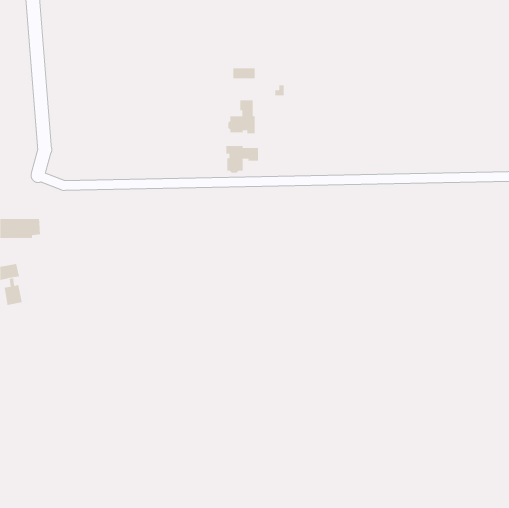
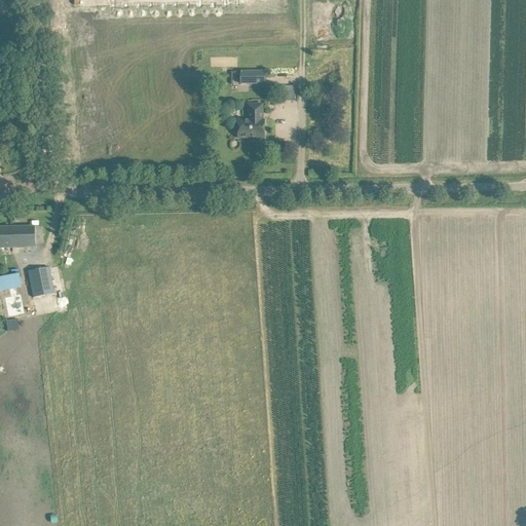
building: [226,145,258,174] -> none
building: none -> [27,265,54,296]

